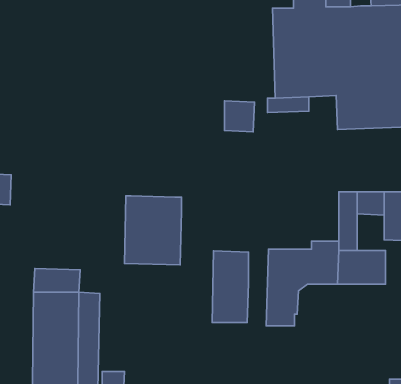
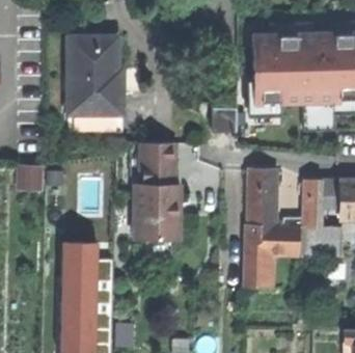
building: none -> [69,36,121,131]
building: none -> [138,143,174,185]
building: [212,251,248,322] -> [248,169,277,226]

